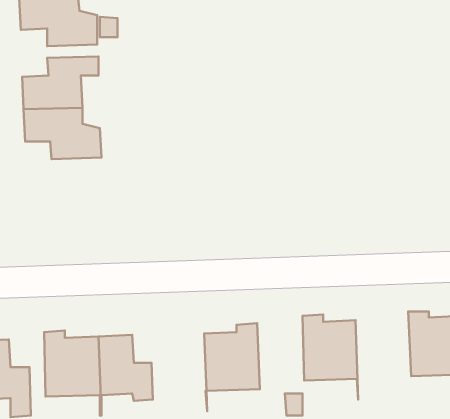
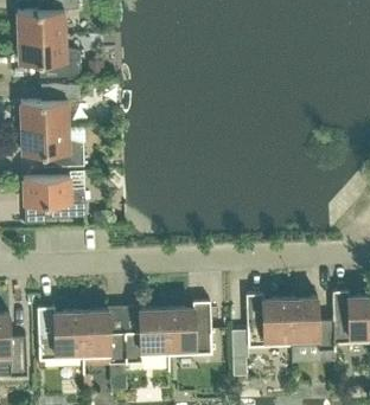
building: none -> [21,176,85,218]
building: none -> [288,297,333,362]
building: none -> [123,309,168,372]

